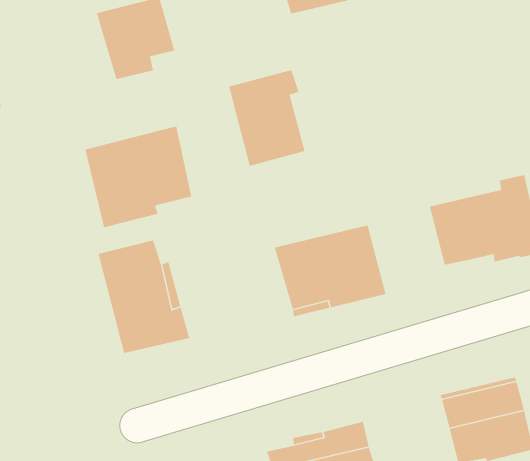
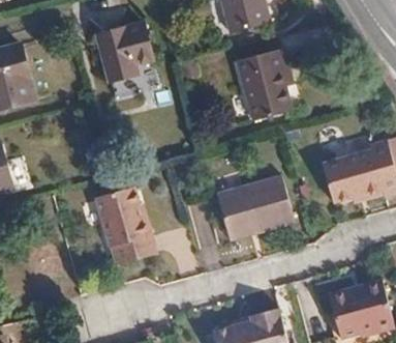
building: [228,69,306,167] -> [239,49,292,115]
building: [85,125,192,228] -> none

